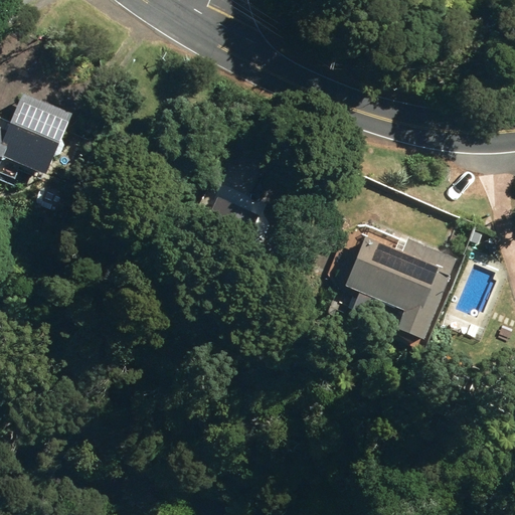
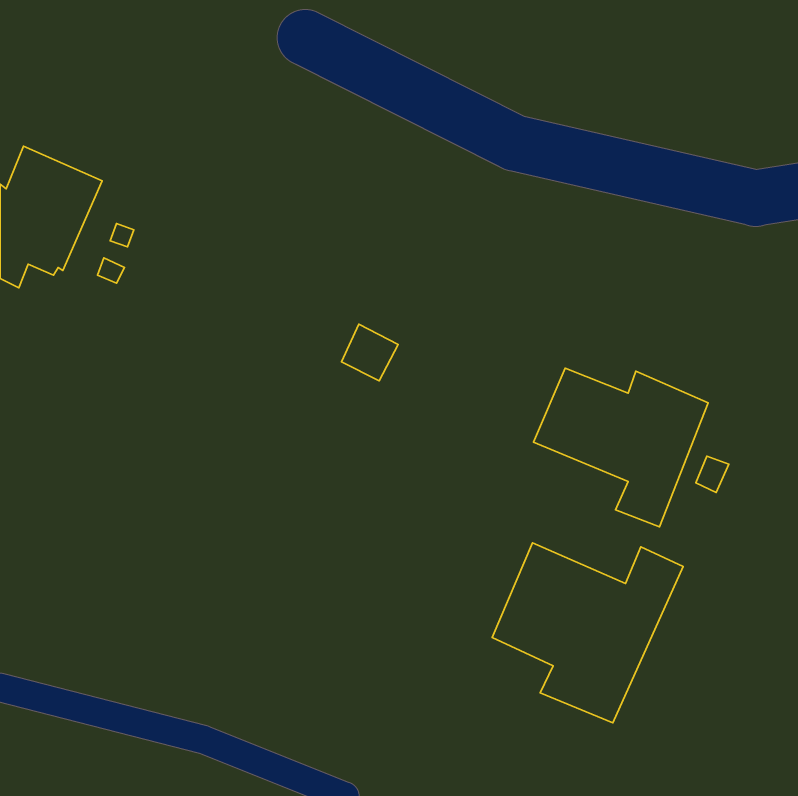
building: none -> [492,543,683,723]

